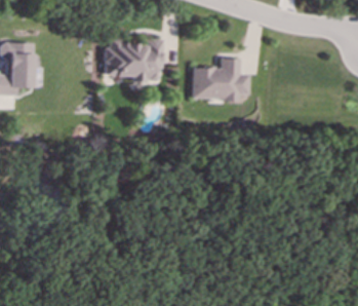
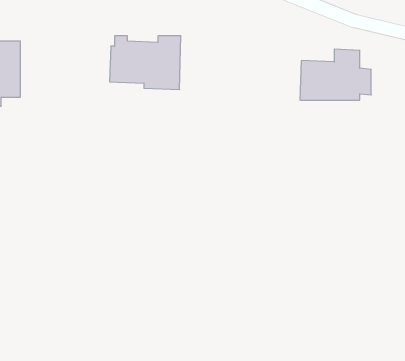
building: [193,59,250,100] -> [300,49,371,100]

